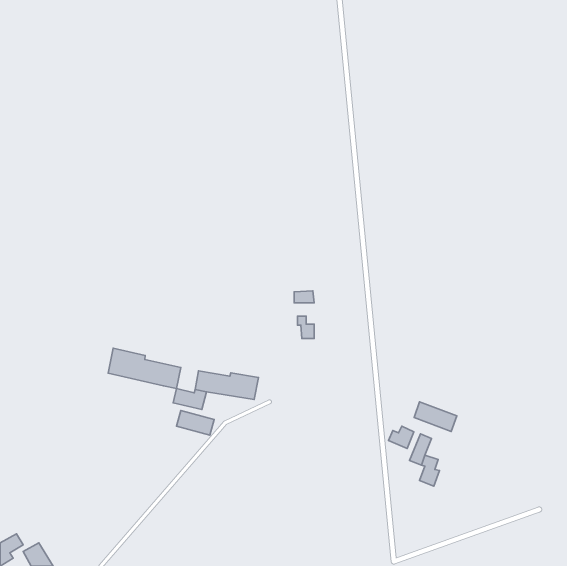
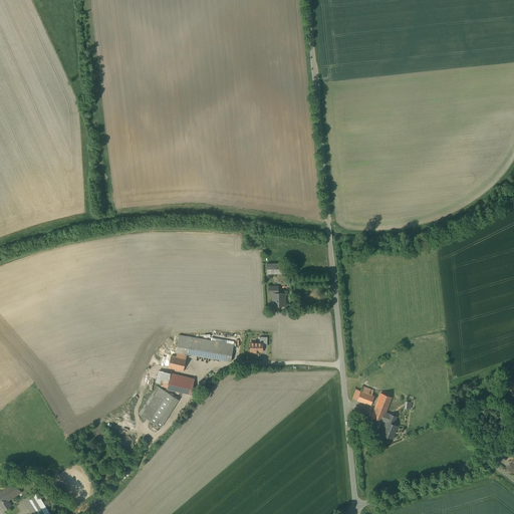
building: [108,348,181,388] -> none
building: [414,402,457,431] -> none
building: none -> [141,388,179,429]

